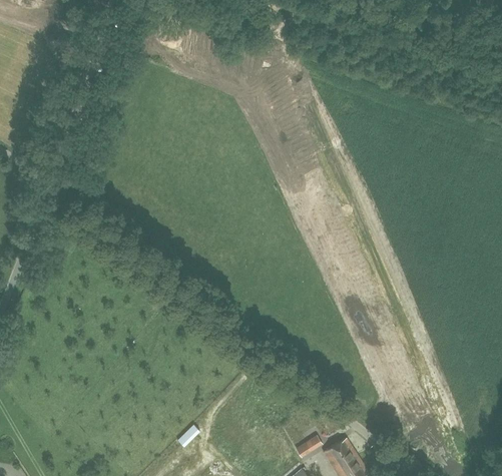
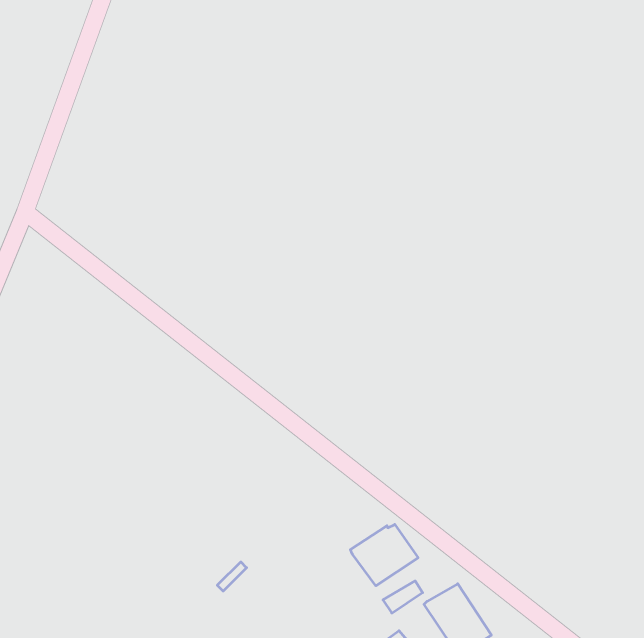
building: none -> [350,524,418,586]

